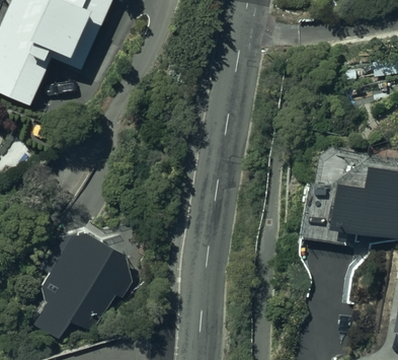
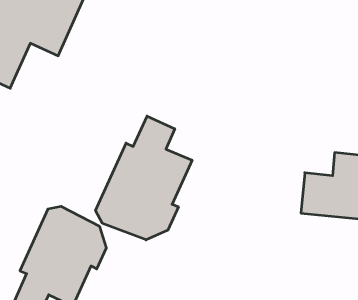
building: none -> [96,116,192,240]

